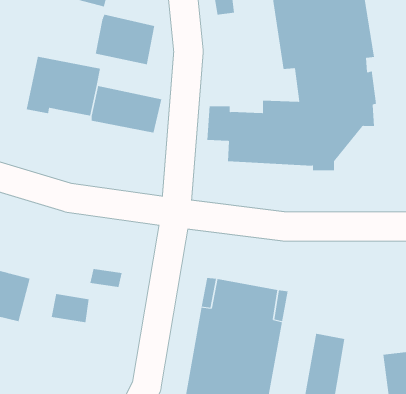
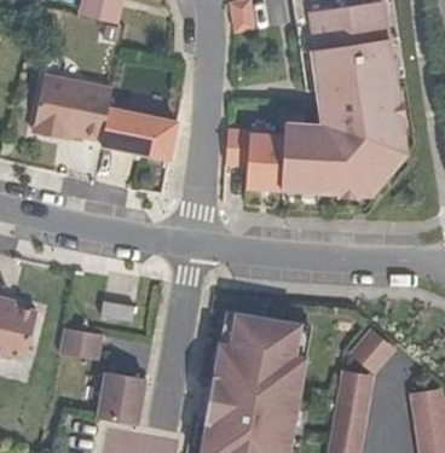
building: [95,14,155,65] -> none
building: none -> [348,329,395,376]
building: none -> [97,371,146,425]

